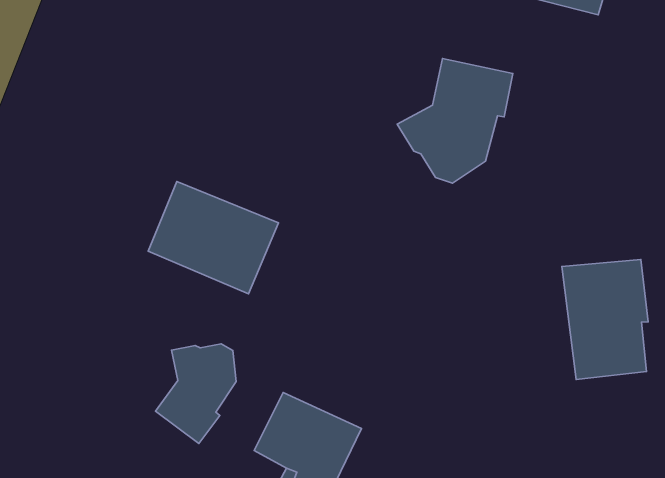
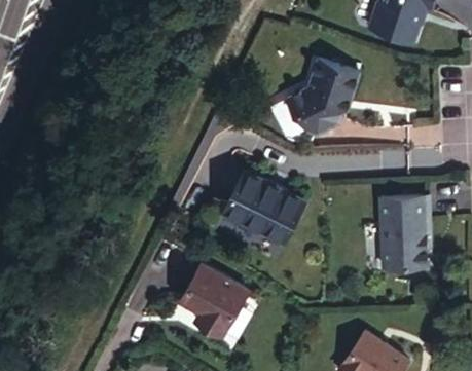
building: [148,182,279,294] -> [223,172,305,245]
building: [156,344,236,444] -> none

